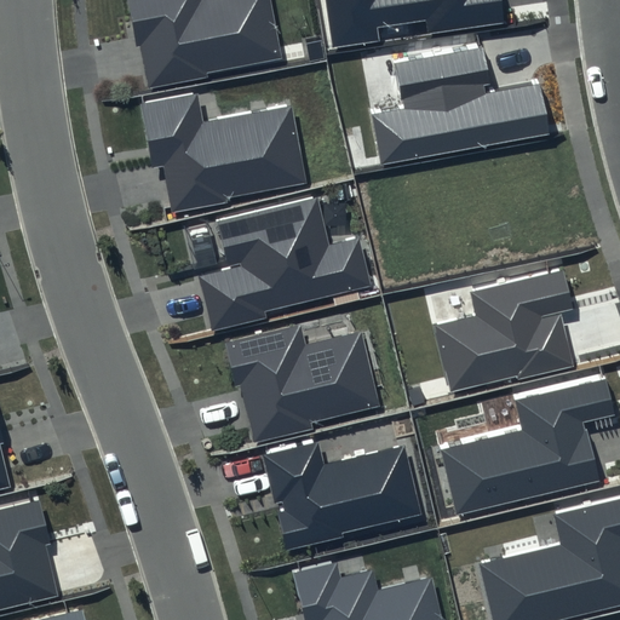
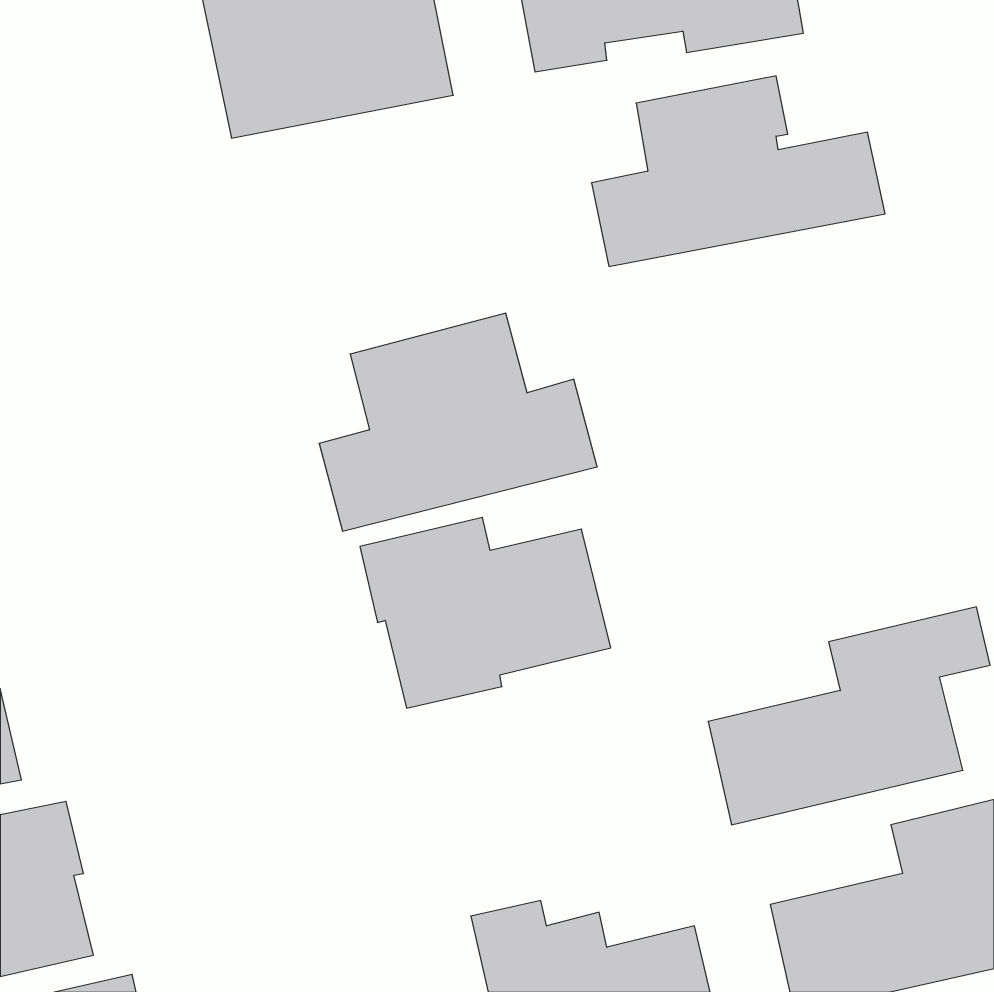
building: [139,92,305,208] -> none
building: [435,268,574,392] -> none
building: [263,442,421,549] -> none

